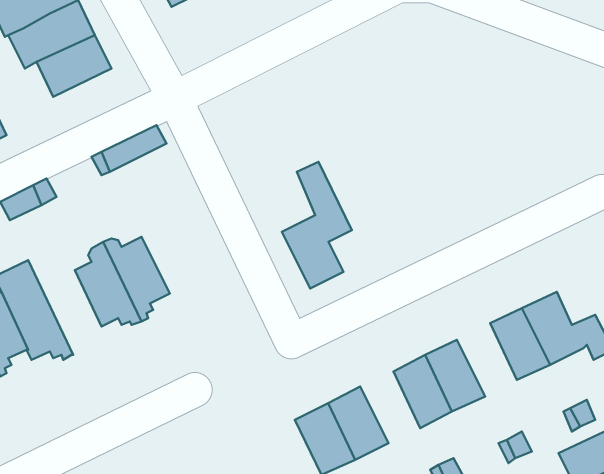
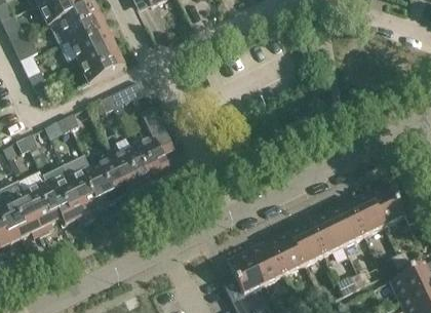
building: none -> [77,45,123,84]
building: [282,162,352,289] -> [131,106,174,184]
building: none -> [62,154,107,222]
building: none -> [325,202,362,247]
building: none -> [266,232,303,276]

